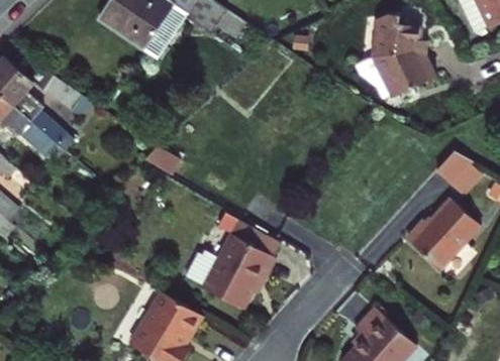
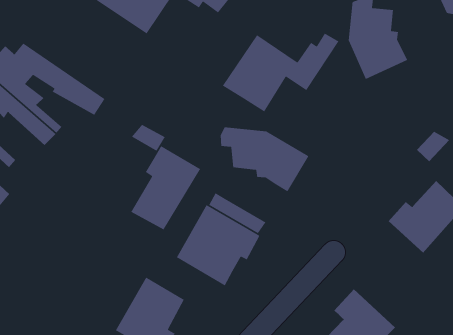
building: none -> [222,32,339,113]
building: none -> [220,126,309,192]
building: none -> [130,145,201,231]

